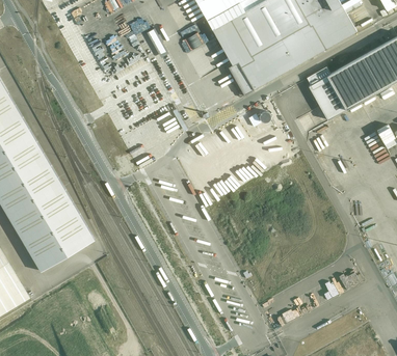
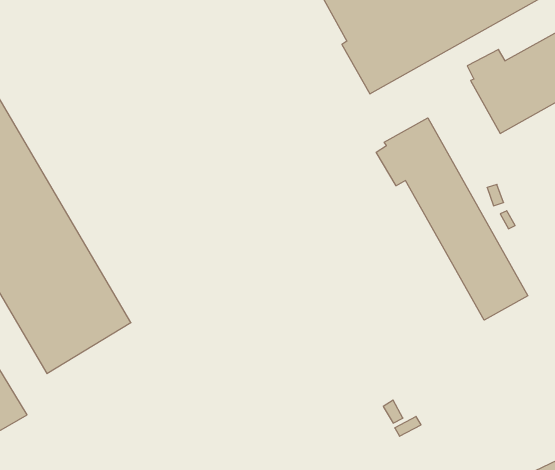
building: none -> [376,118,528,320]

